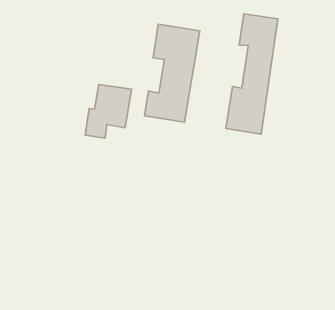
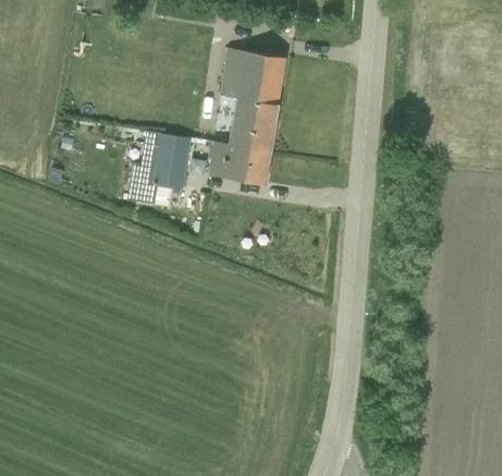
building: [226,14,278,134] -> none

